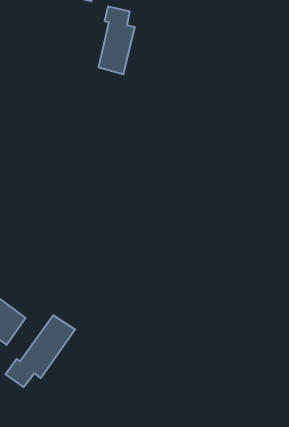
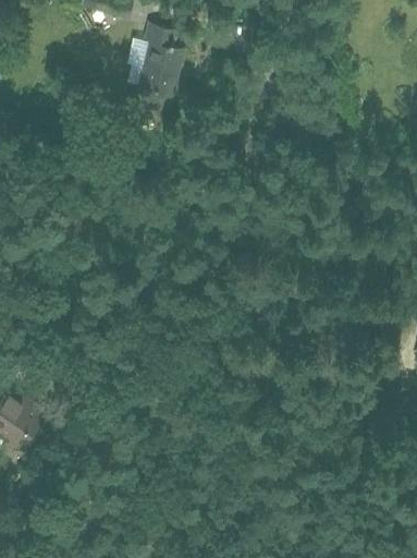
building: [5,315,75,387] -> none

